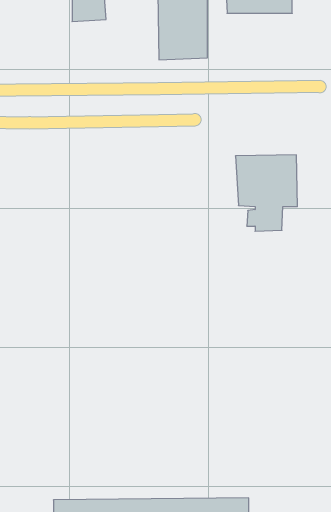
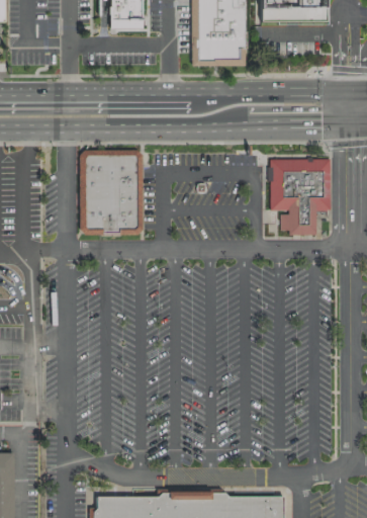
building: none -> [86,155,137,232]

